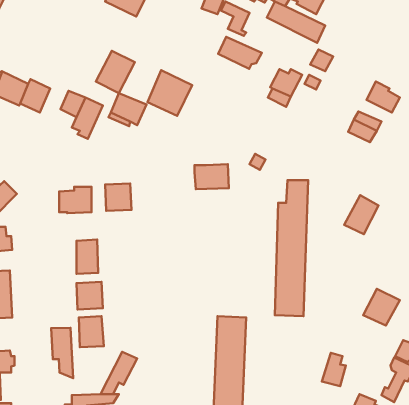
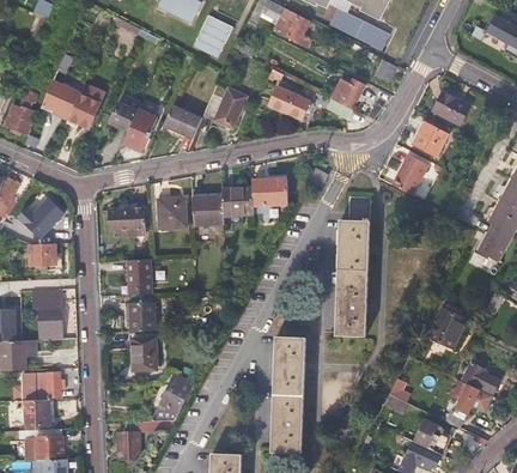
building: [218,37,262,69] -> [270,87,316,121]
building: [96,51,135,93] -> [194,16,235,60]
building: none -> [193,187,254,225]
building: [344,195,379,234] -> [391,154,427,195]
building: [51,328,73,378] -> none

